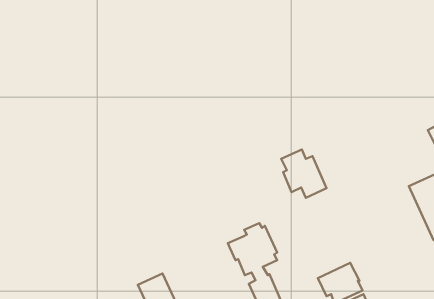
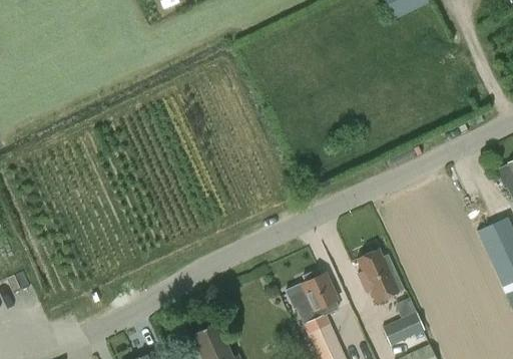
building: [281,149,327,198] -> [356,248,404,299]

